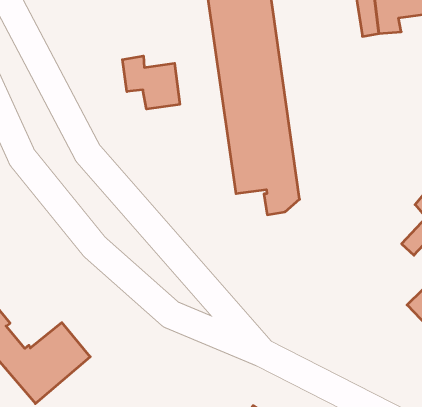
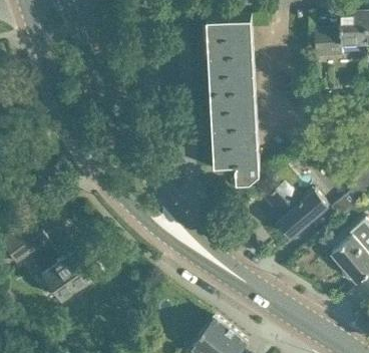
building: [122,56,180,109] -> none
building: none -> [263,181,327,239]

